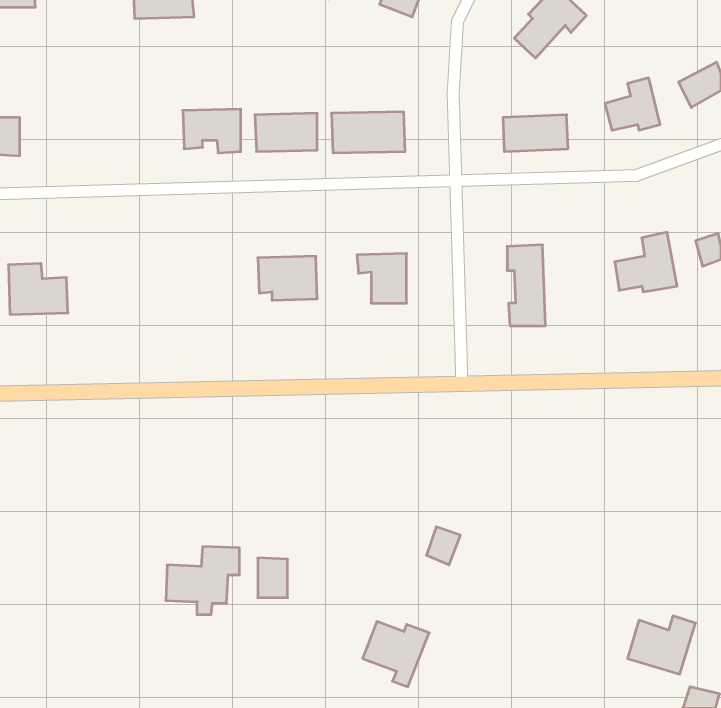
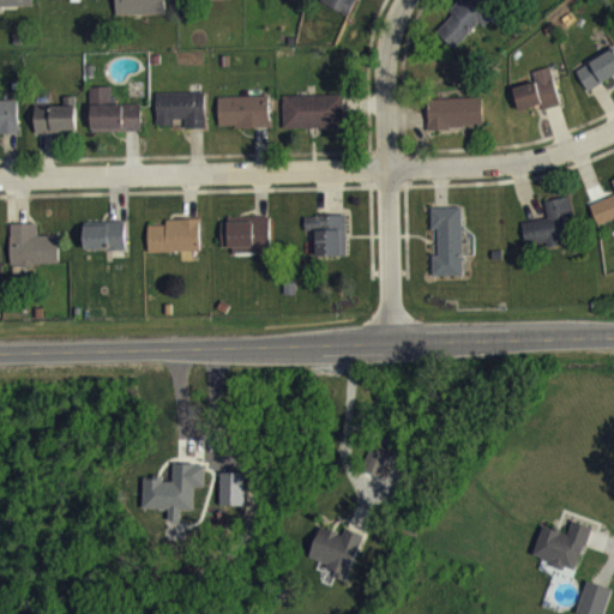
building: none -> [89,86,140,132]
building: none -> [32,106,74,133]
building: none -> [146,218,198,253]
building: none -> [83,222,126,251]

